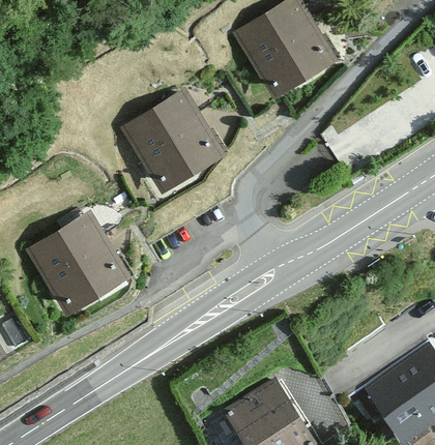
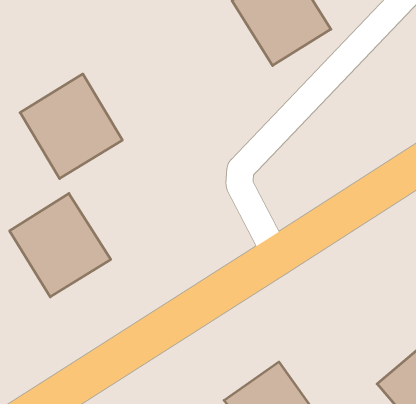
building: [122,92,219,190] -> [20,74,122,179]

